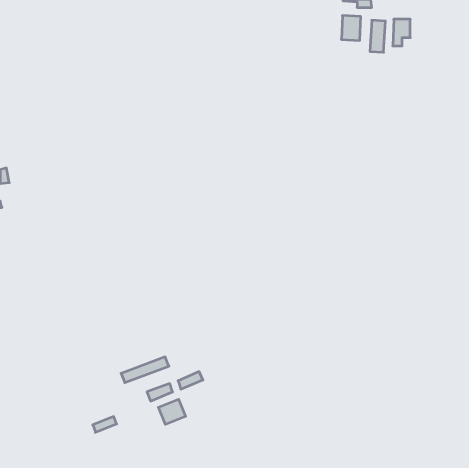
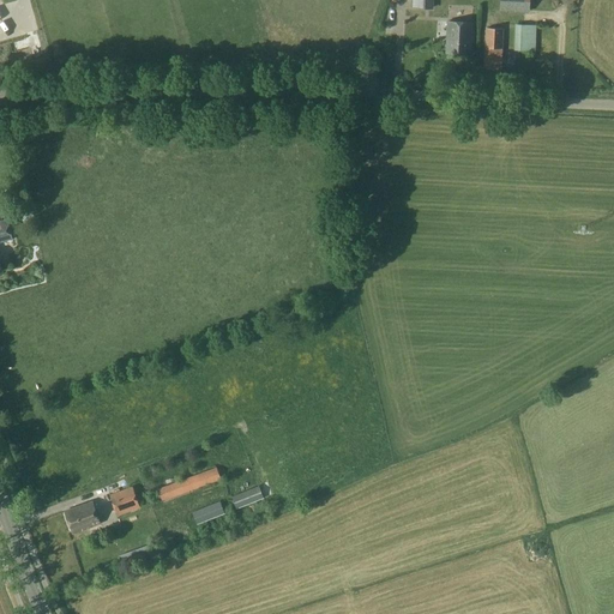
building: none -> [110,484,142,514]
building: none -> [65,500,100,532]
building: [158,399,186,424] -> none

